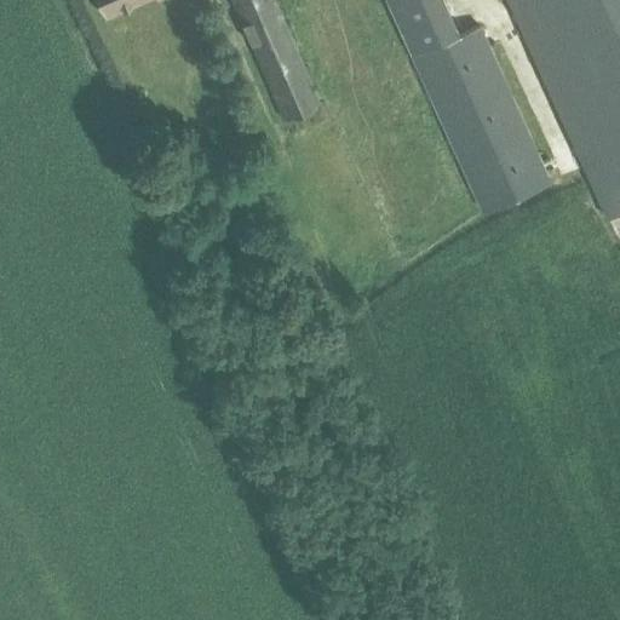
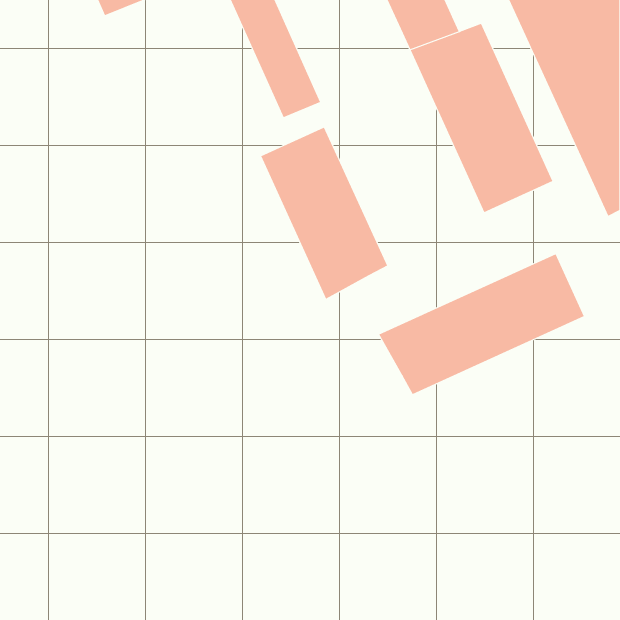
building: none -> [260,127,388,299]
building: none -> [378,253,584,395]

